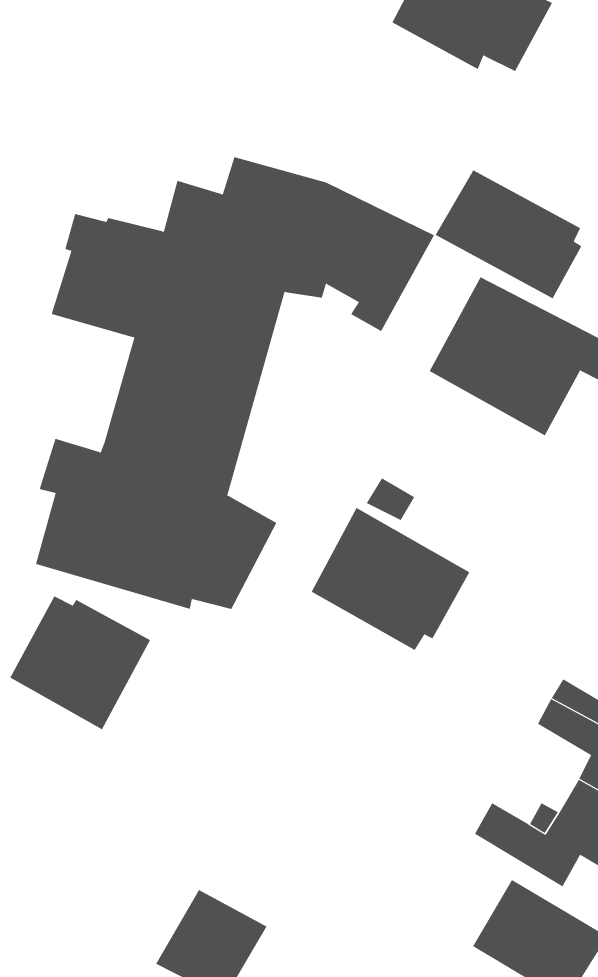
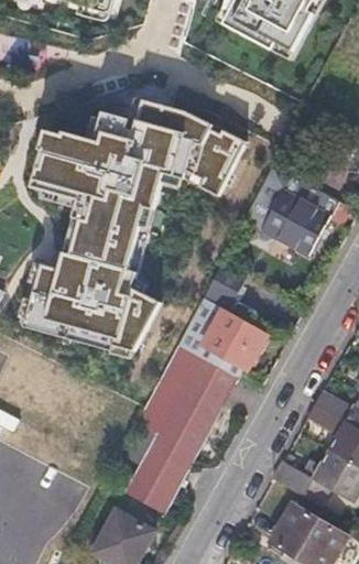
building: [435,170,582,299] -> none
building: none -> [124,343,240,512]
building: [9,596,151,730] -> none

